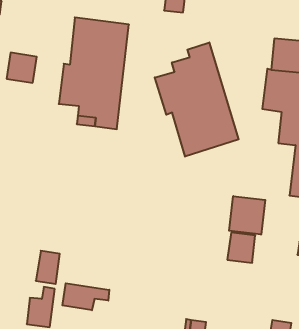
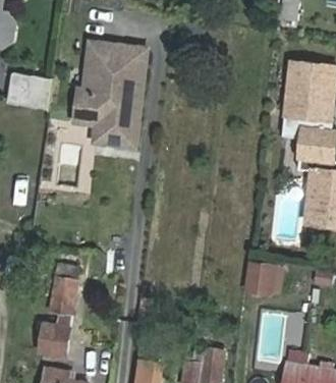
building: [155,42,239,157] -> none
building: [229,196,265,235] -> none
building: [62,283,109,310] -> none

